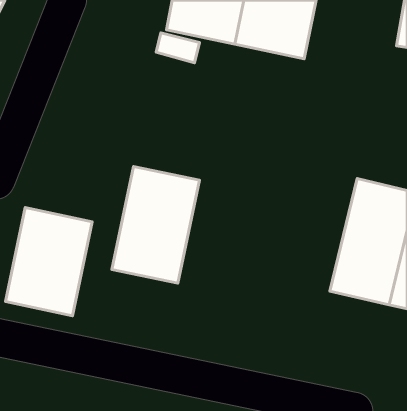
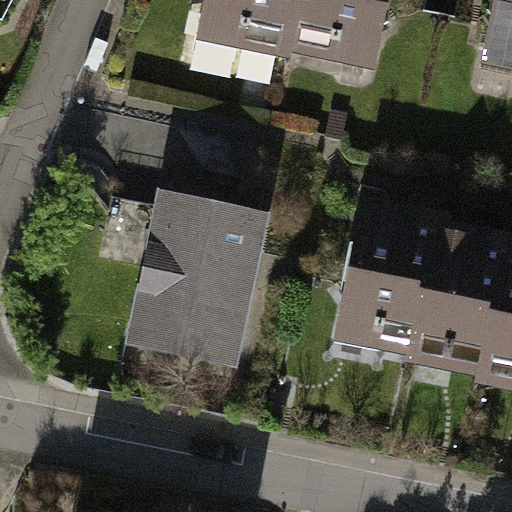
building: none -> [335,204,444,362]
building: [5,207,92,316] -> none

